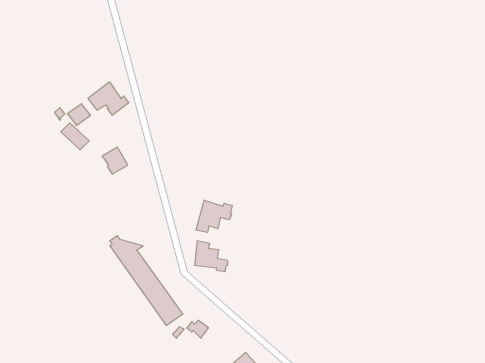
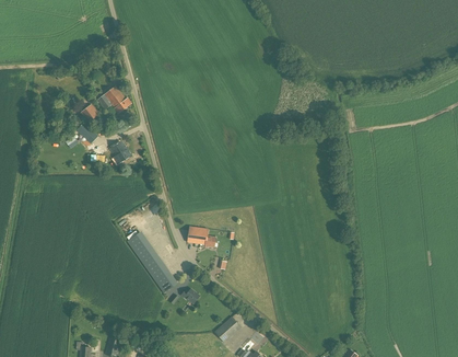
building: [196,200,232,233] -> none

